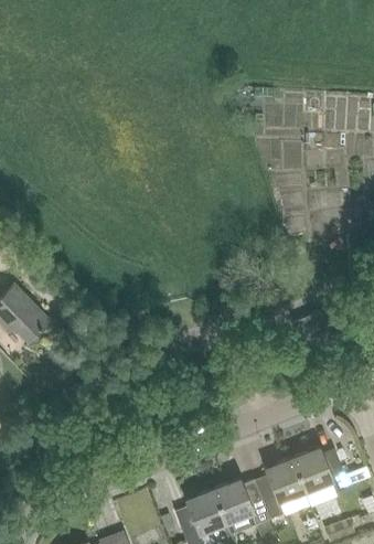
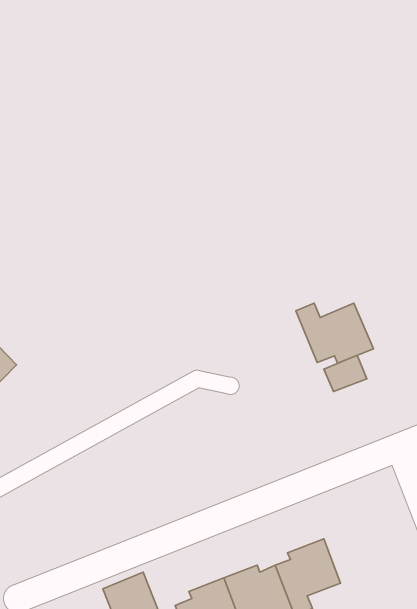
building: none -> [296,303,373,363]
building: [292,448,350,494] -> none

